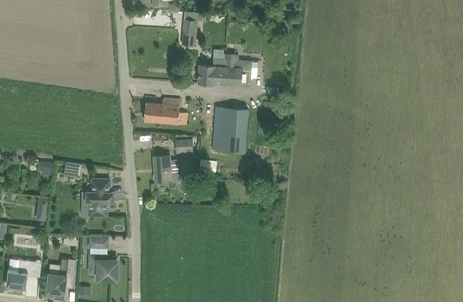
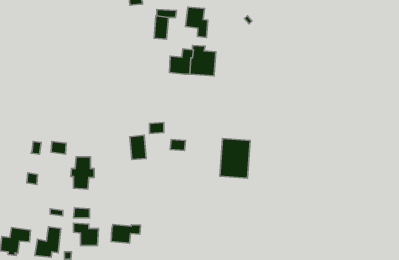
building: none -> [185,7,208,38]
building: [143,98,187,124] -> none
building: [212,106,247,150] -> [220,139,250,178]
building: none -> [111,225,141,243]

